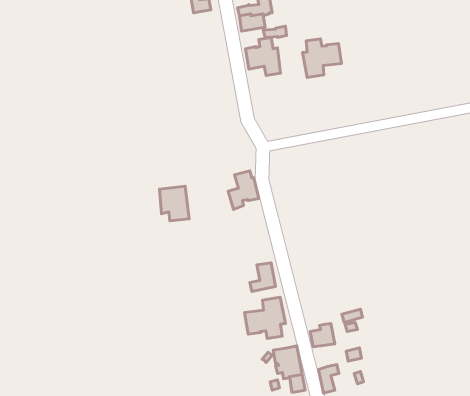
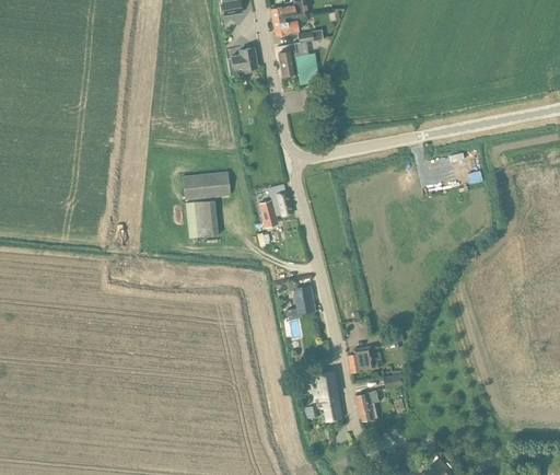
building: [302,39,342,78] -> none
building: none -> [231,48,257,71]
building: none -> [182,172,230,200]
building: [245,297,286,338] -> none

